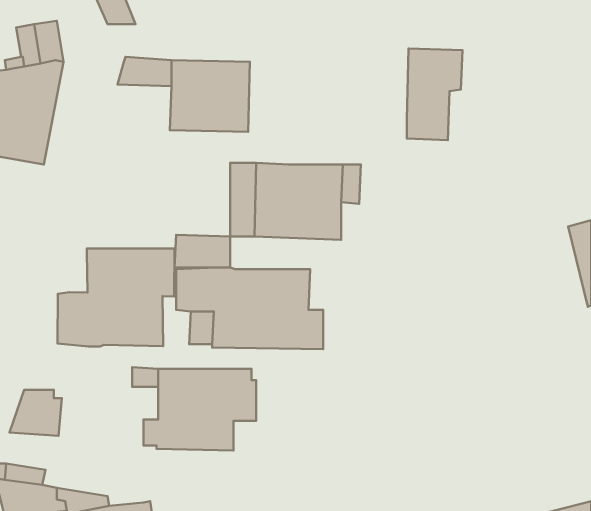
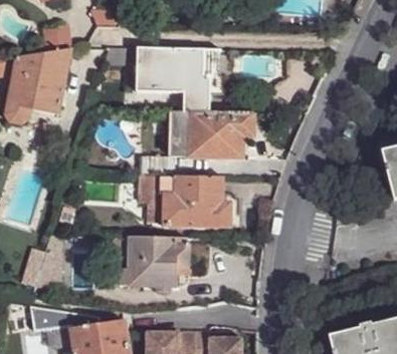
building: [407,49,462,140] -> [184,49,218,105]
building: [57,248,175,347] -> none

